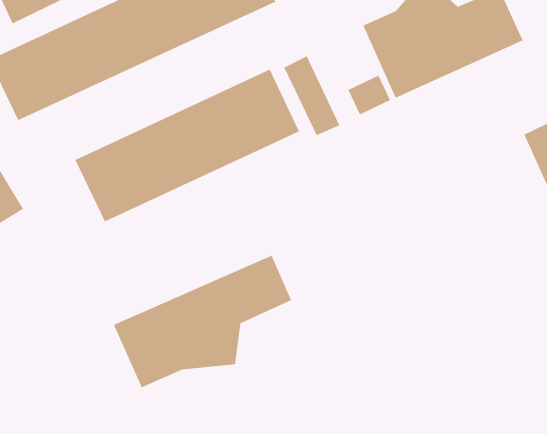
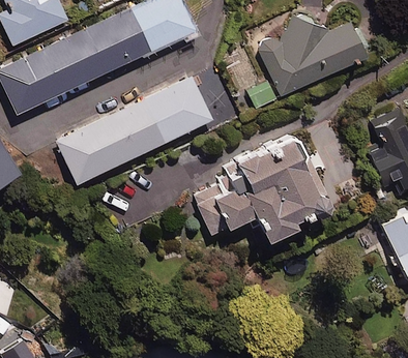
building: none -> [193,138,326,241]
building: [113,255,292,388] -> none

